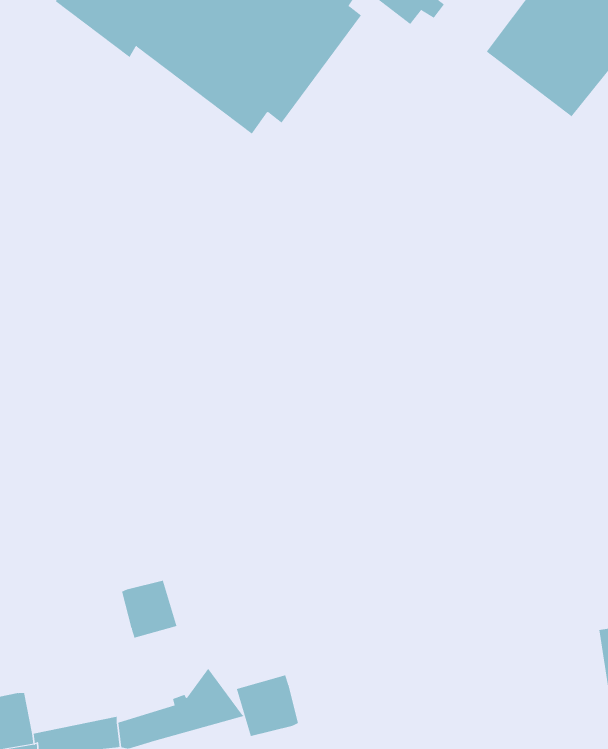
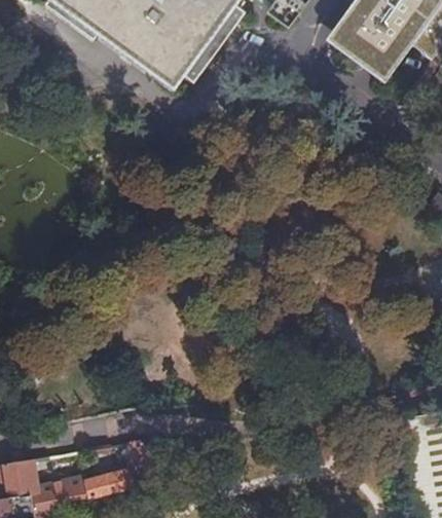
building: [122,580,177,639] -> none
building: [236,675,299,737] -> none

